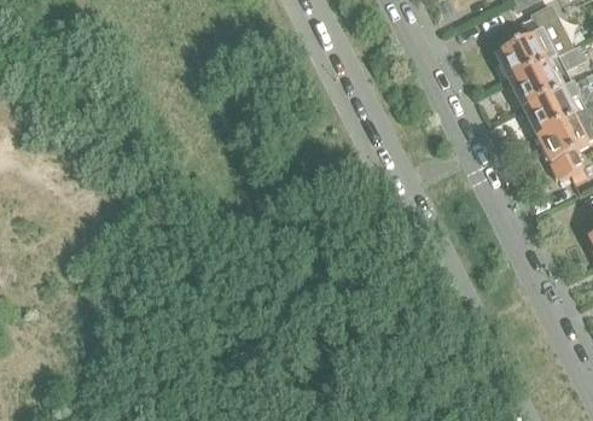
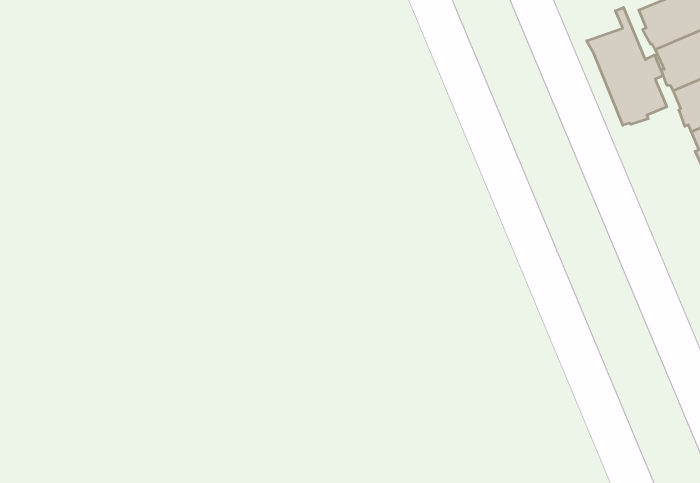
building: none -> [587,7,667,125]

